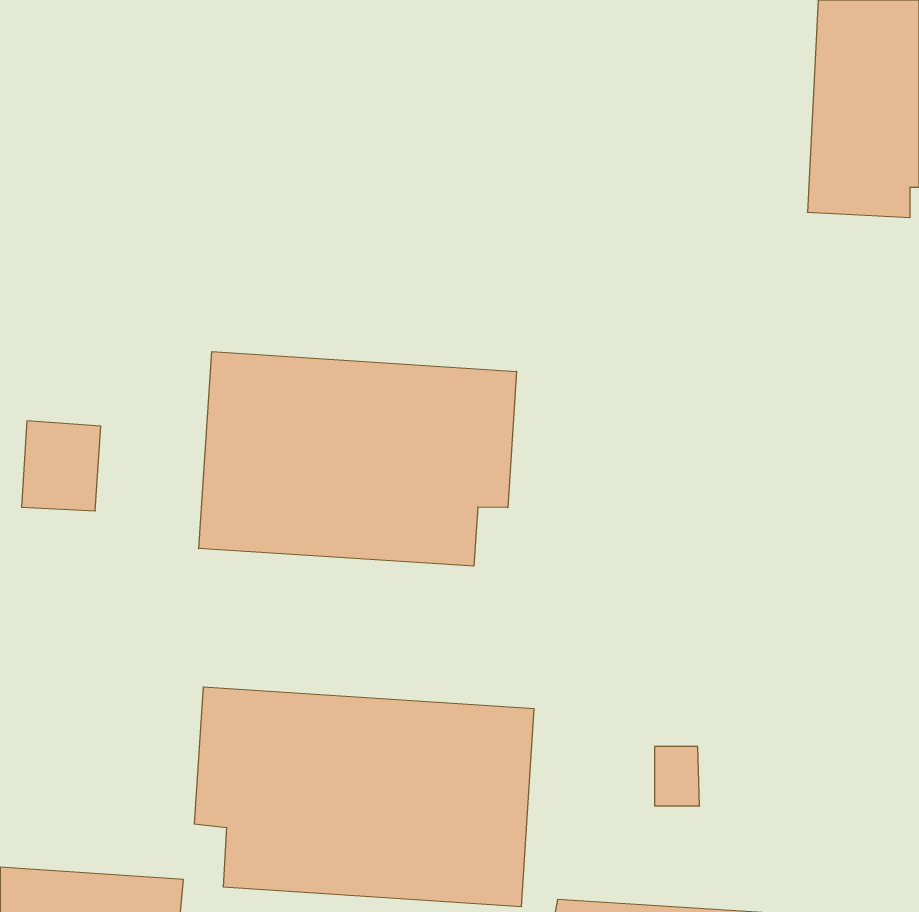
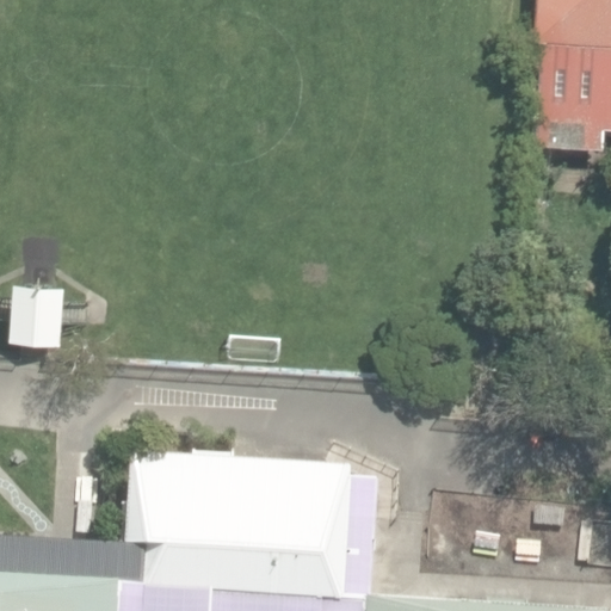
building: [199,352,517,566] -> none

